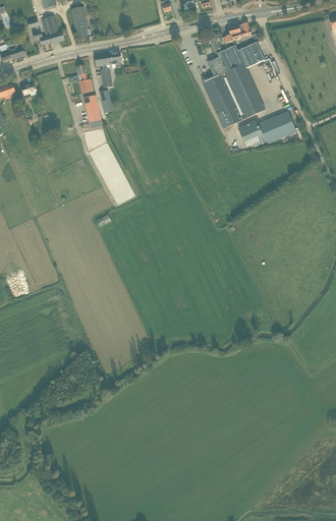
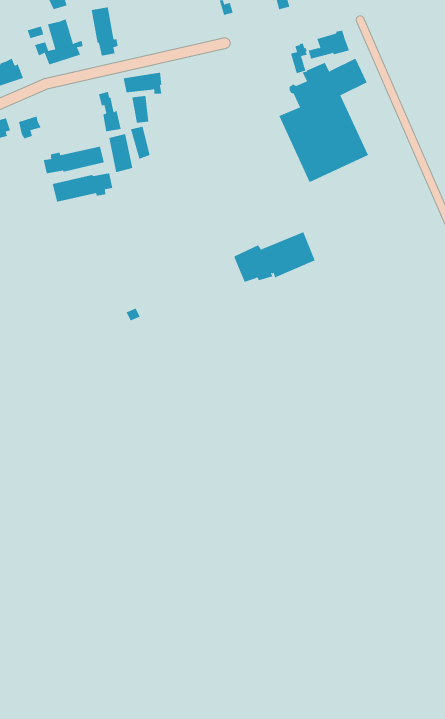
building: none -> [43,146,105,174]
building: [239,111,296,147] -> [234,232,315,282]
building: none -> [52,172,113,202]

